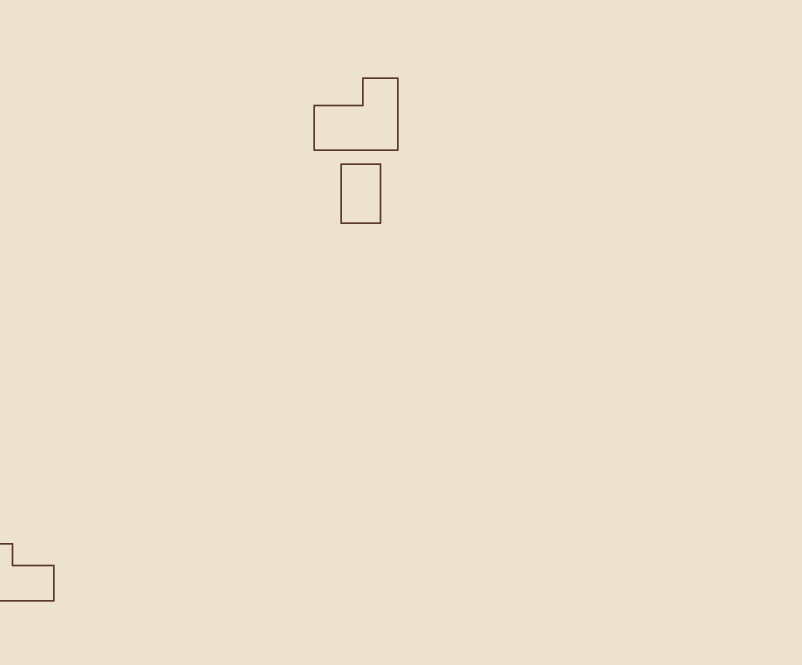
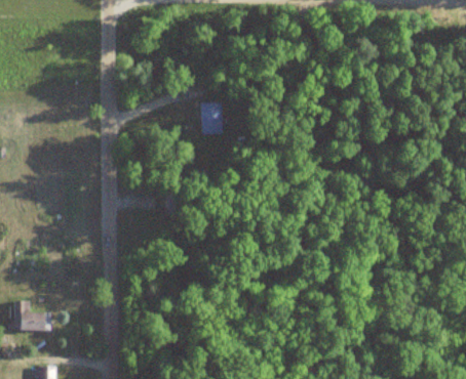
building: [314,78,398,150] -> none

